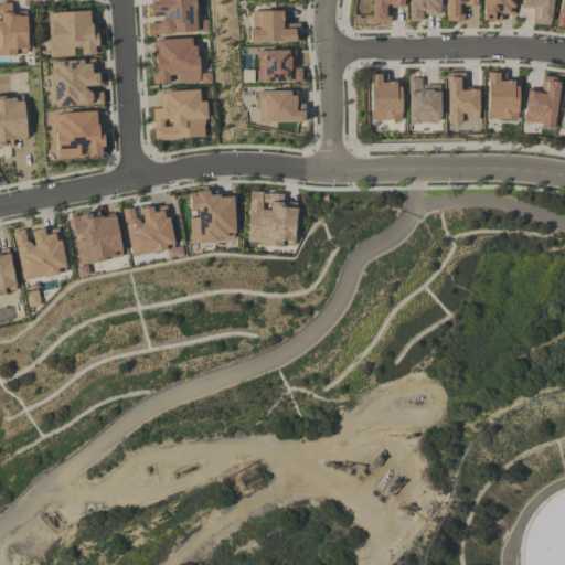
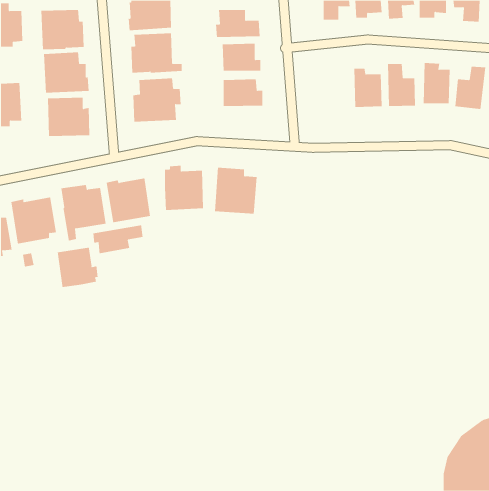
building: [370,74,403,121] -> none
building: none -> [93,225,143,254]
building: none -> [57,247,98,288]

